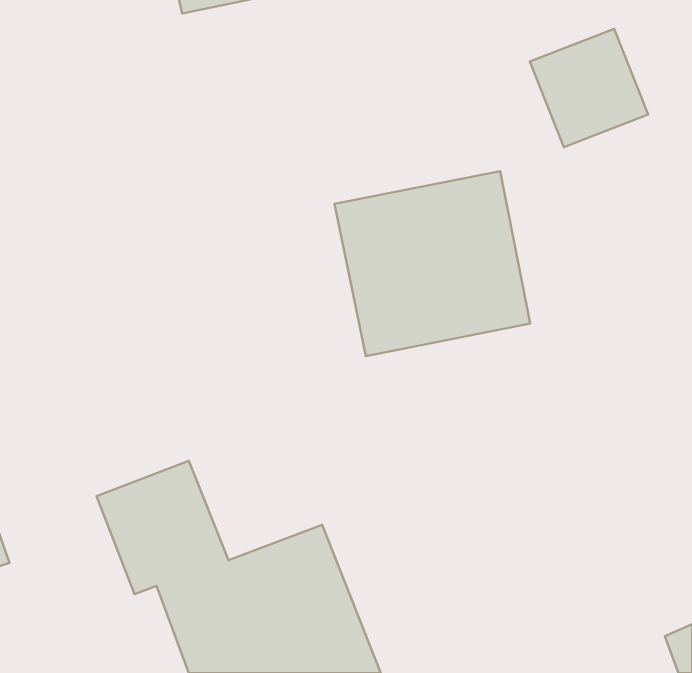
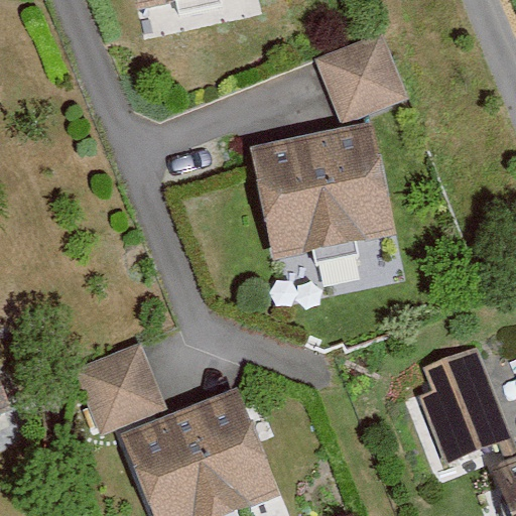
building: [530,29,648,147] -> [316,36,404,124]
building: none -> [419,371,508,461]

